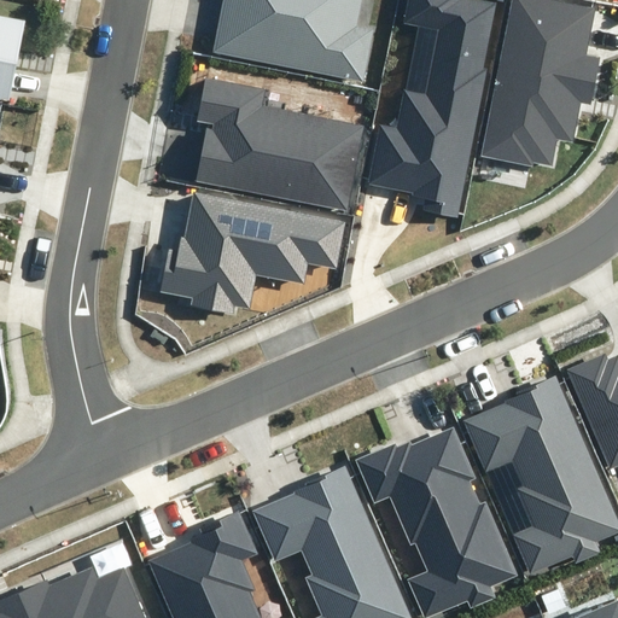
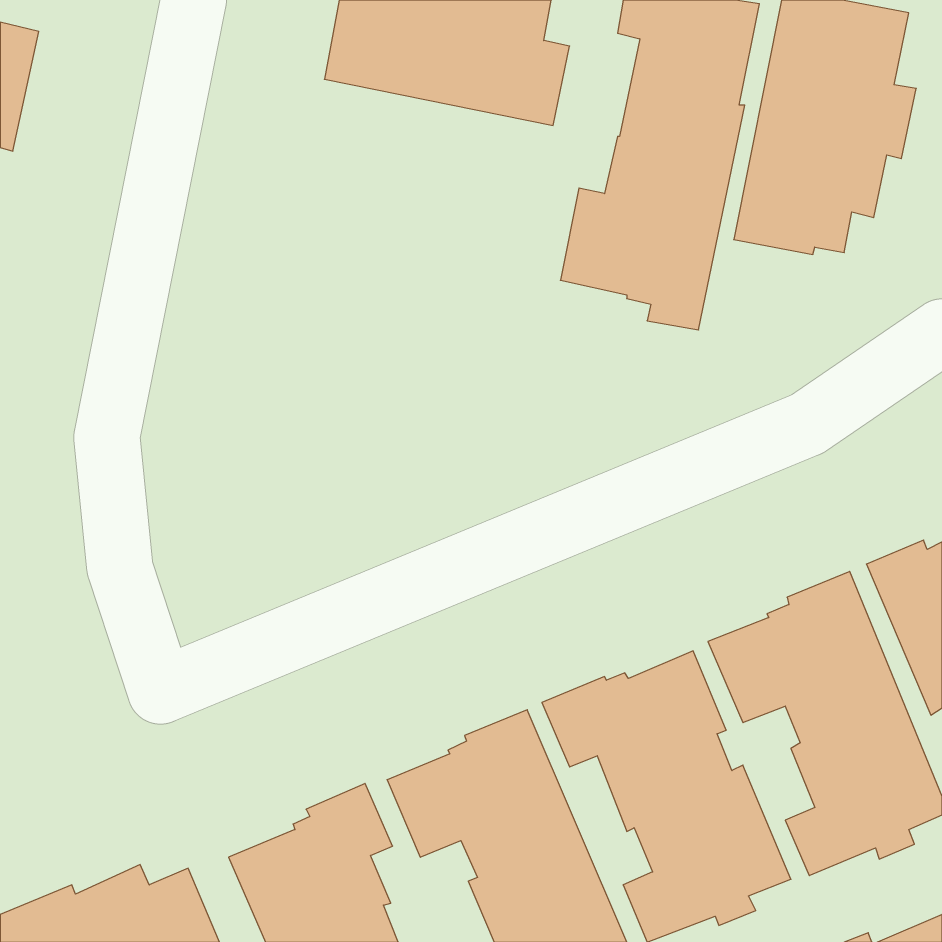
building: [196,77,365,211] -> none
building: [159,192,345,313] -> none

